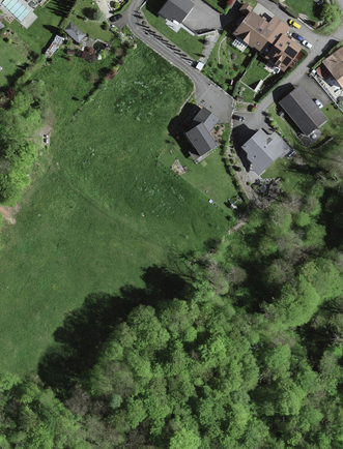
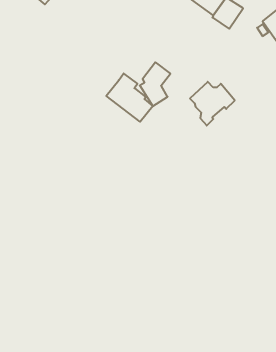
building: [279,85,327,134] -> none
building: none -> [106,73,153,122]

